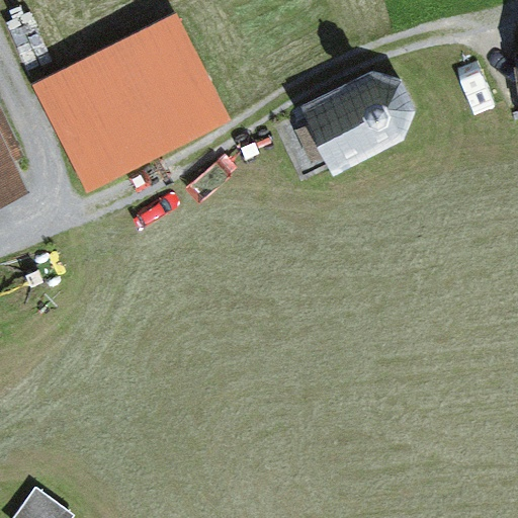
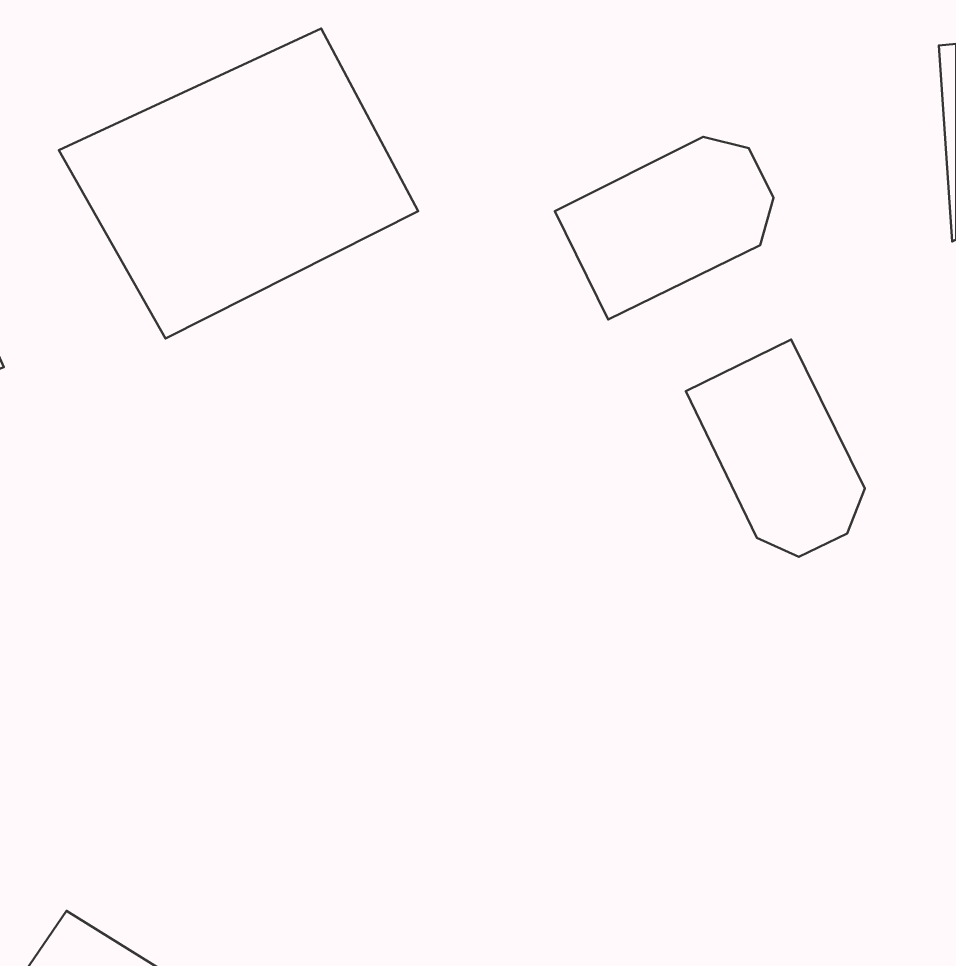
building: none -> [686,339,865,557]

